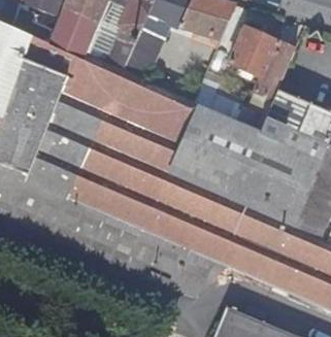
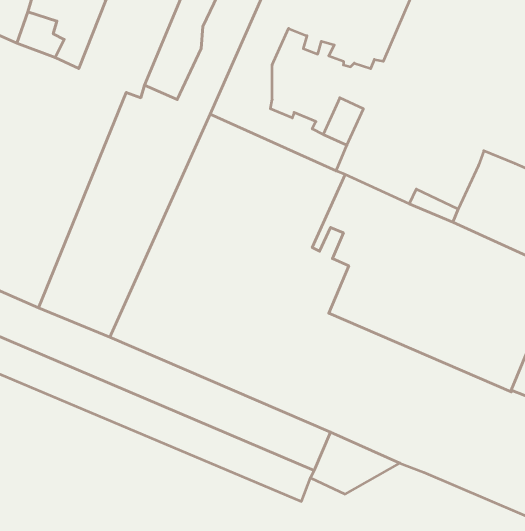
building: [229,25,296,97] -> none

